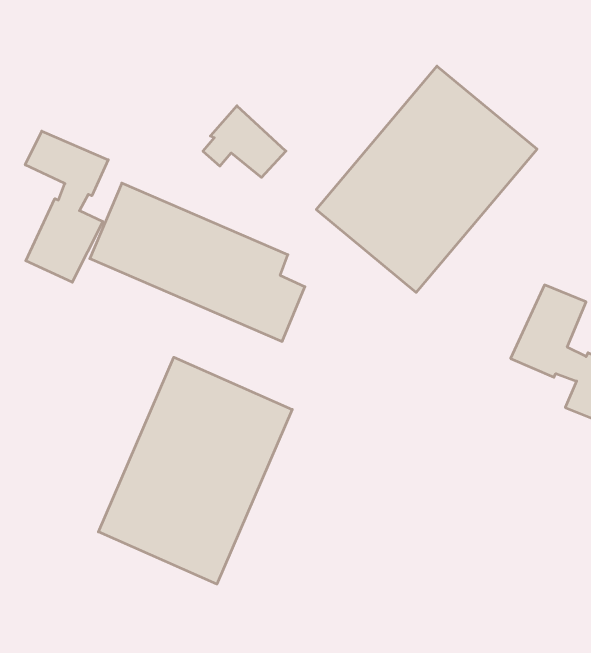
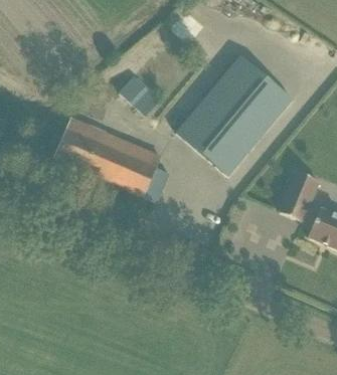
building: [25,131,108,282] -> none
building: [98,357,292,584] -> none

